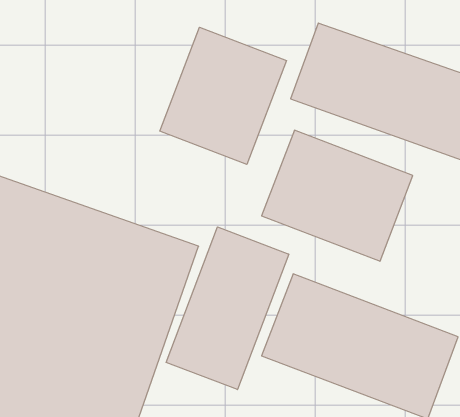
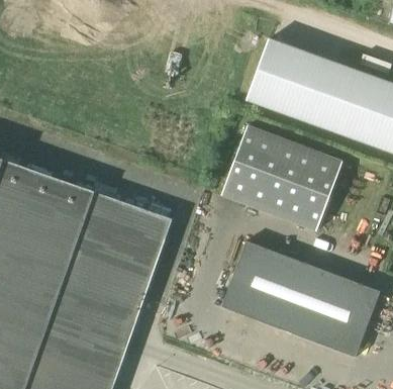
building: [160,27,287,164] -> none
building: [166,227,289,390] -> none

